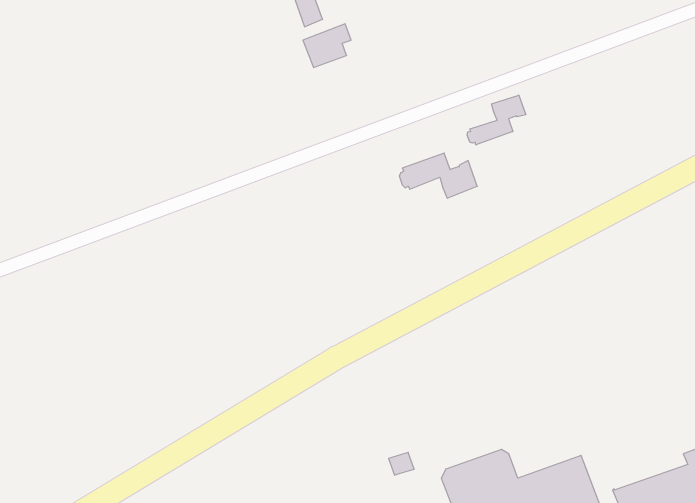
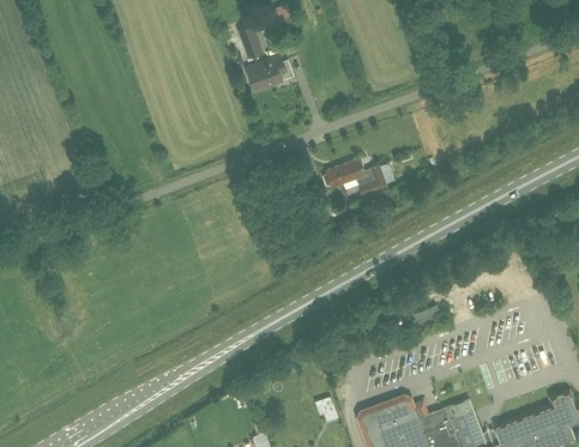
building: [467,95,526,145] -> none

